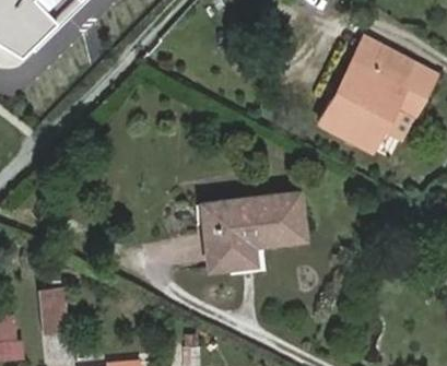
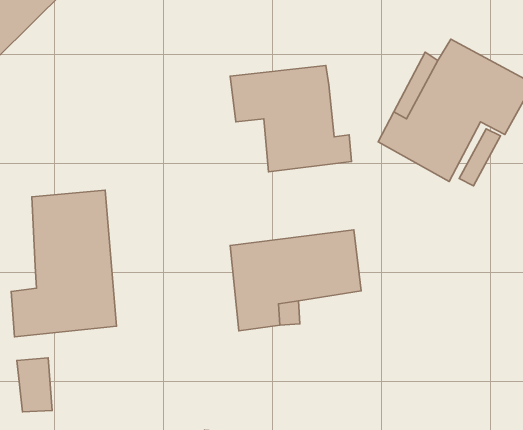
building: none -> [230,66,352,172]
building: none -> [11,190,116,337]

